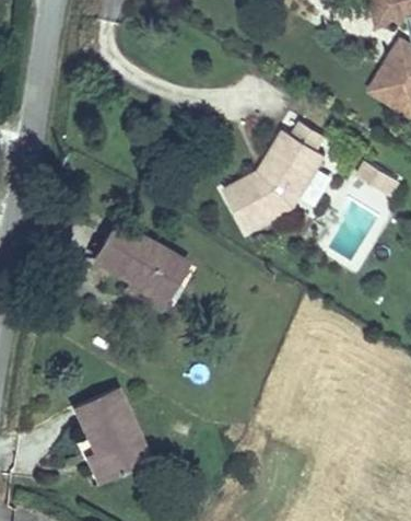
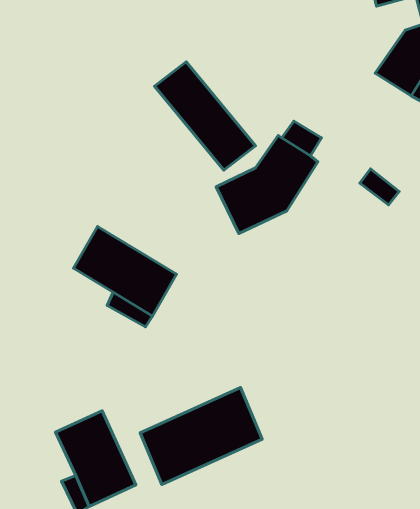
building: none -> [154,62,256,170]
building: none -> [140,388,262,485]

